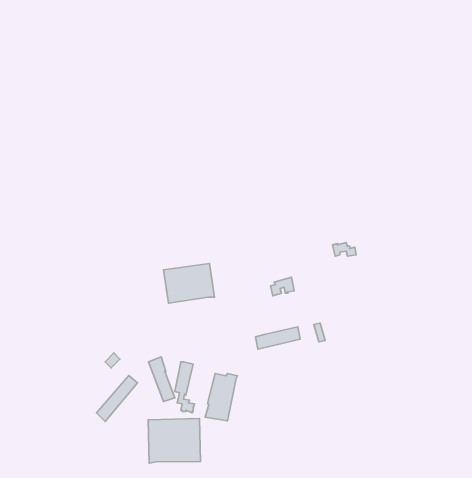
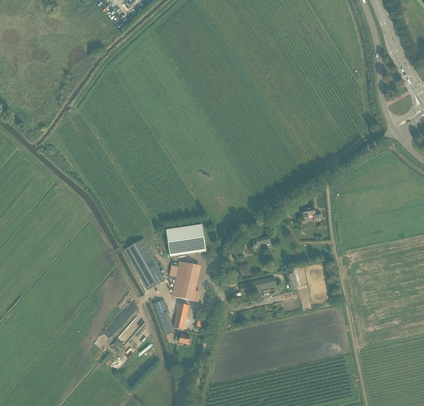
building: none -> [125,237,165,288]
building: [205,374,237,421] -> [172,260,198,298]
building: [148,418,200,463] -> none

